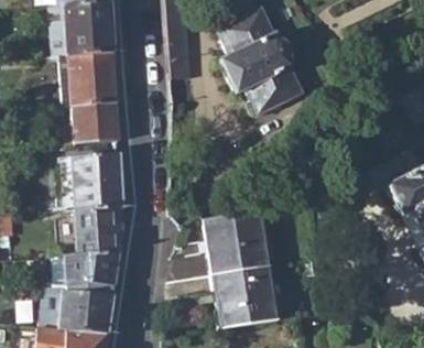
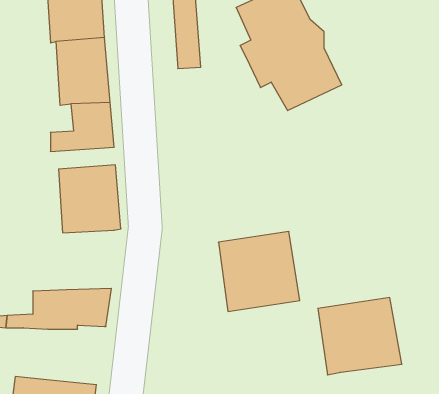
building: [77,208,121,257] -> none
building: [211,265,280,328] -> [318,298,402,375]
building: [39,285,111,334] -> none

